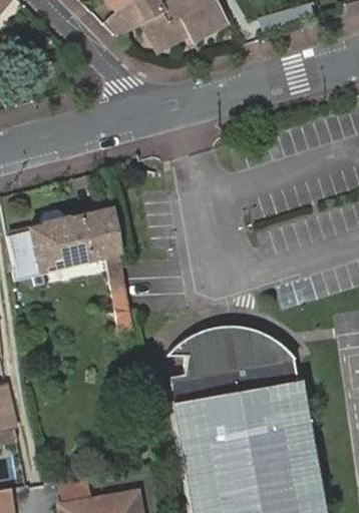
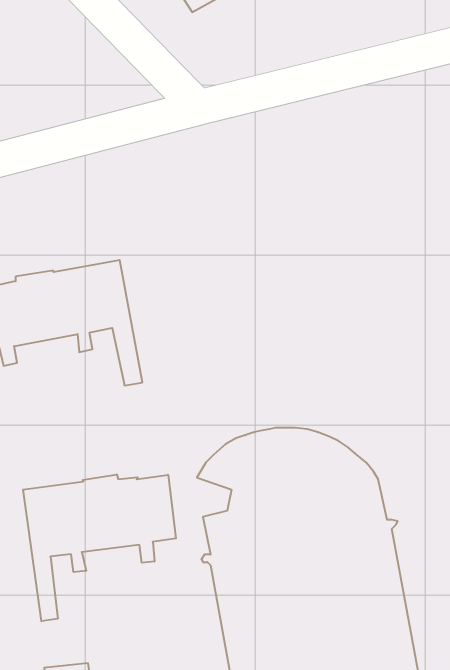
building: none -> [23,474,176,621]

